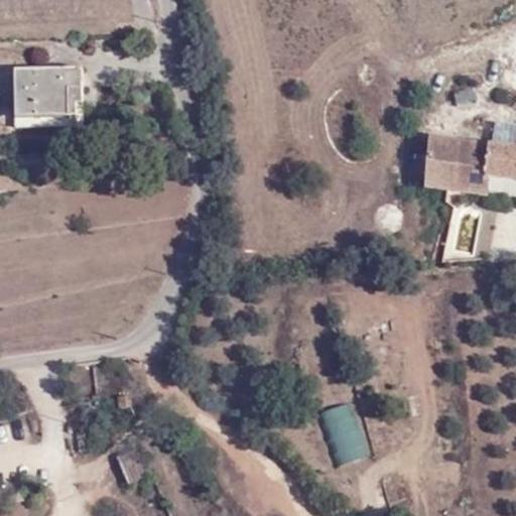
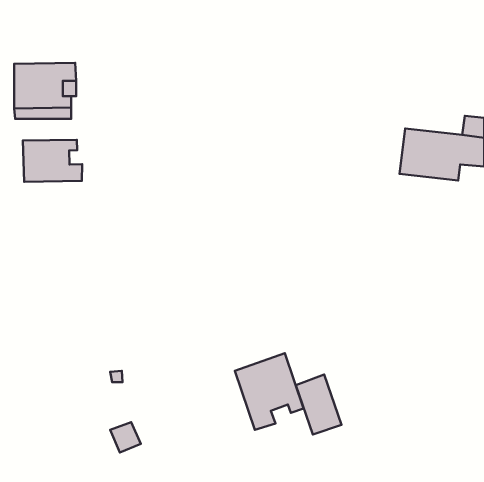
building: none -> [23,140,82,182]
building: none -> [235,353,304,430]

